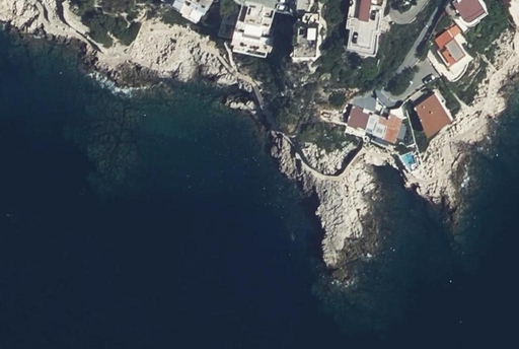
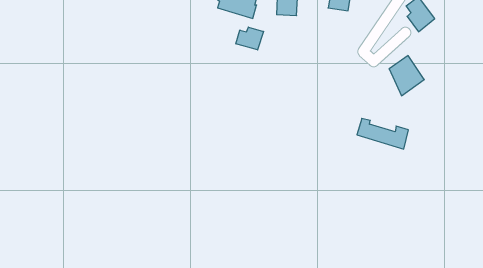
building: none -> [236,27,264,50]
building: [347,108,401,140] -> [357,118,408,149]

